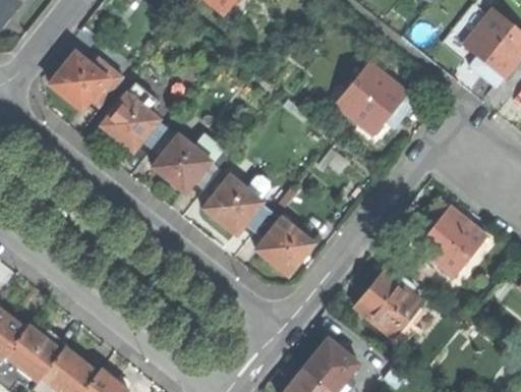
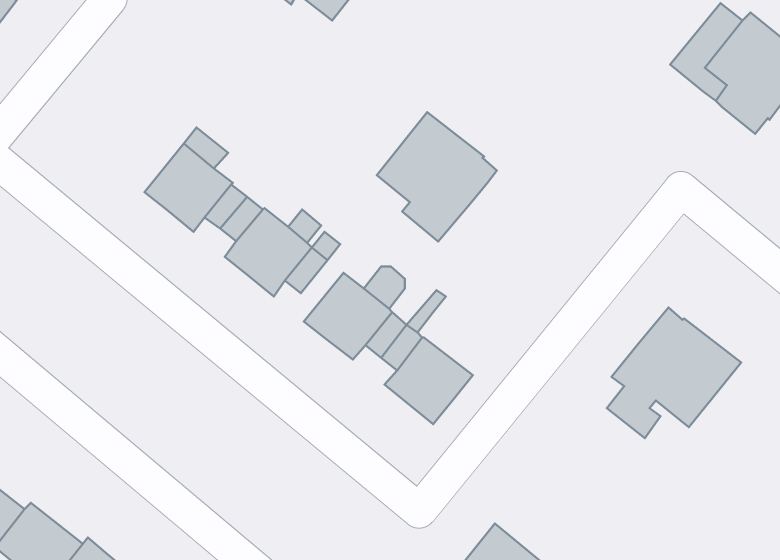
building: [50,52,124,109] -> none
building: [337,63,414,147] -> [377,112,497,242]
building: [354,270,422,349] -> none

